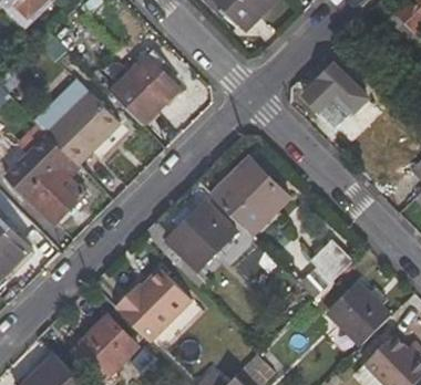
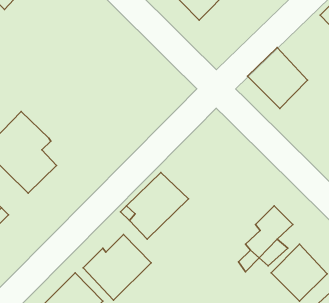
building: [110,54,181,125] -> none
building: [47,91,120,163] -> none
building: [210,156,291,235] -> none

